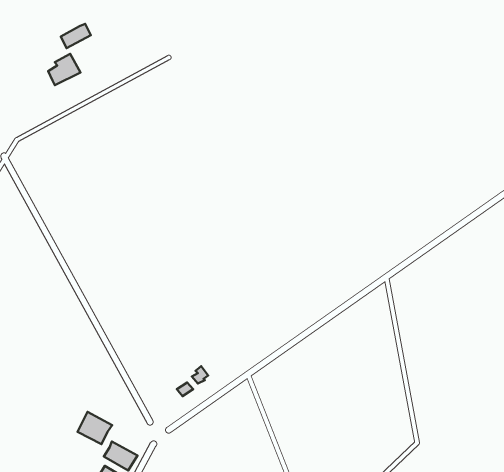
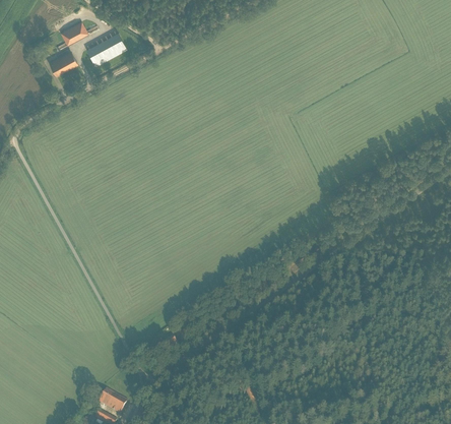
building: none -> [85,33,126,66]
building: [78,412,112,444] -> none

